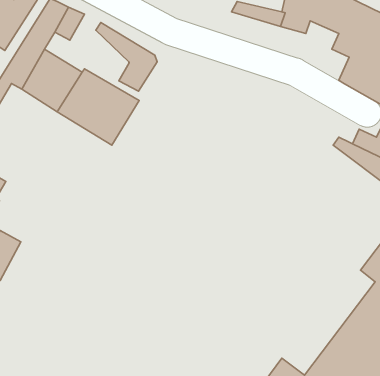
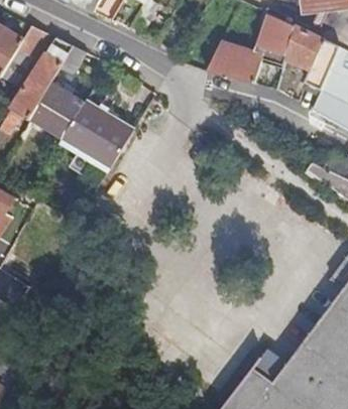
building: none -> [205,49,259,84]
building: [96,22,157,91] -> none

